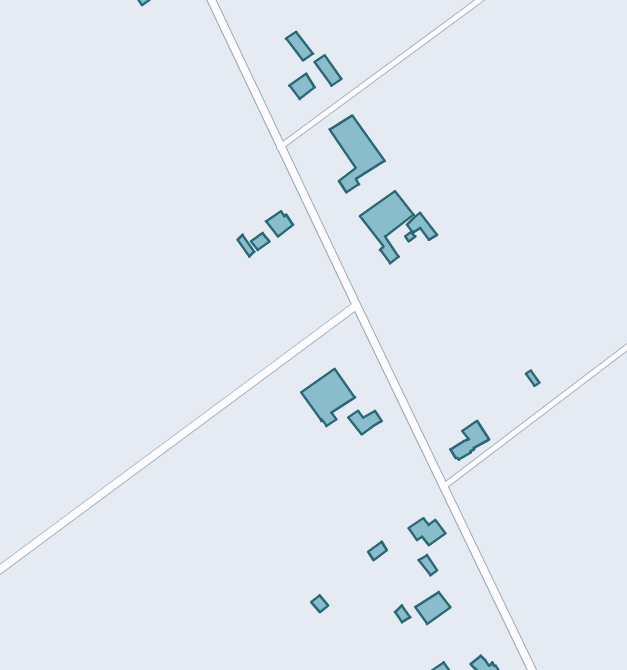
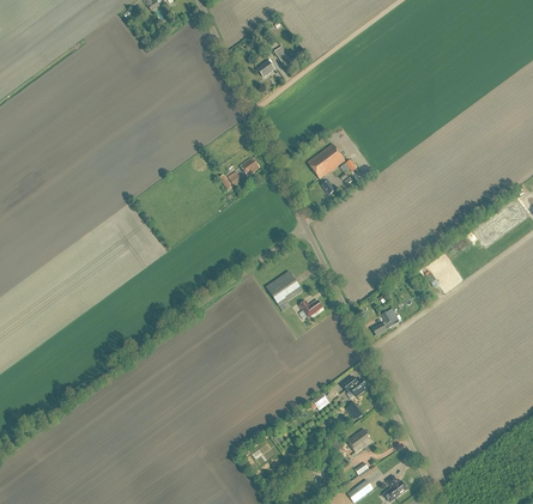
building: [330,116,385,192] -> none

